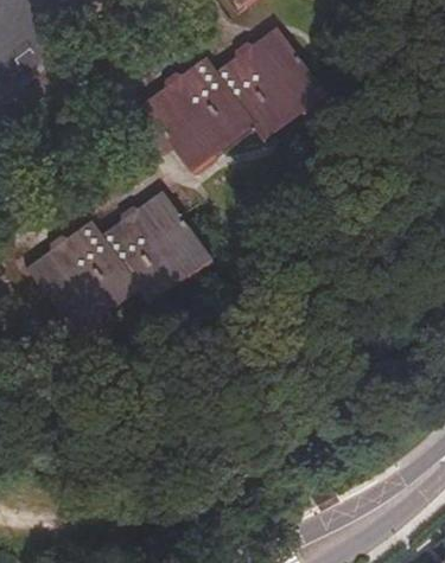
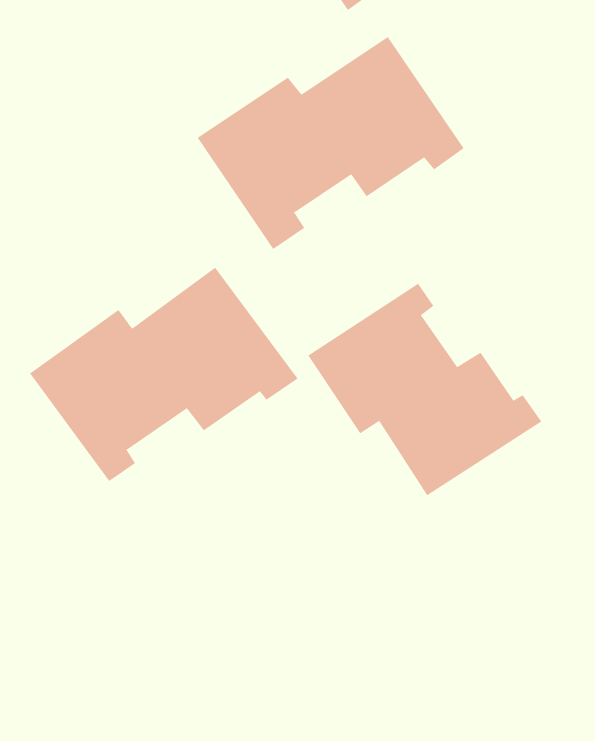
building: none -> [308,283,542,496]

